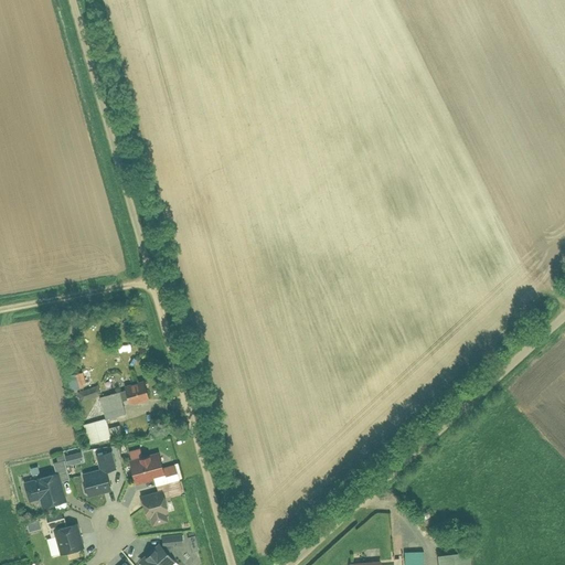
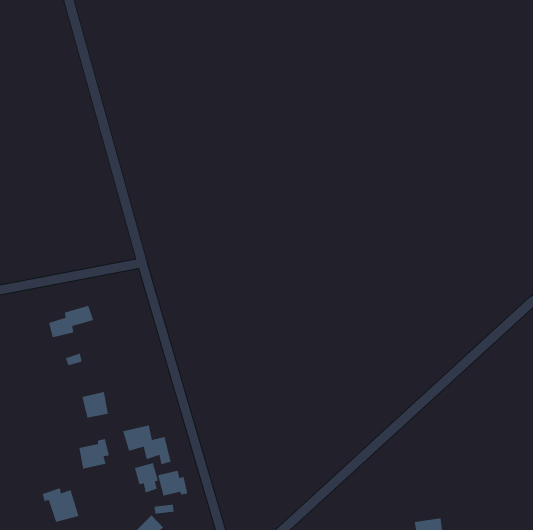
building: [97,383,146,418] -> [48,305,94,338]
building: [25,462,68,509] -> none
building: none -> [157,470,188,496]

